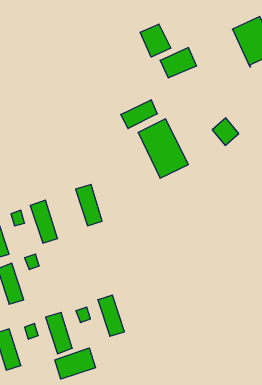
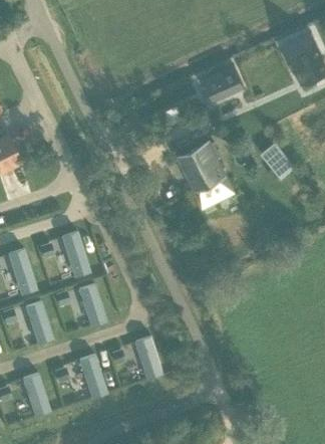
building: [140,24,171,57] -> none
building: [121,100,157,129] -> none
building: [76,185,102,226] -> [77,283,106,328]
building: [55,348,96,379] -> none

